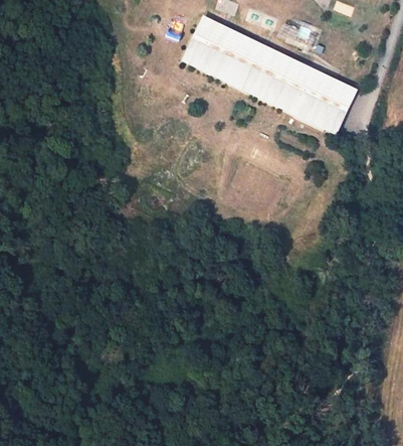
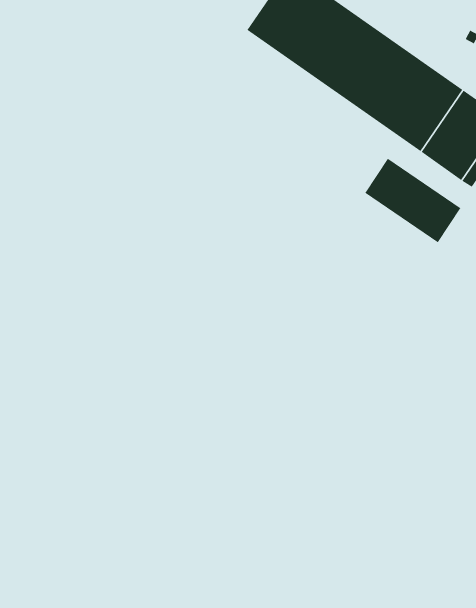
building: none -> [365,158,461,243]

